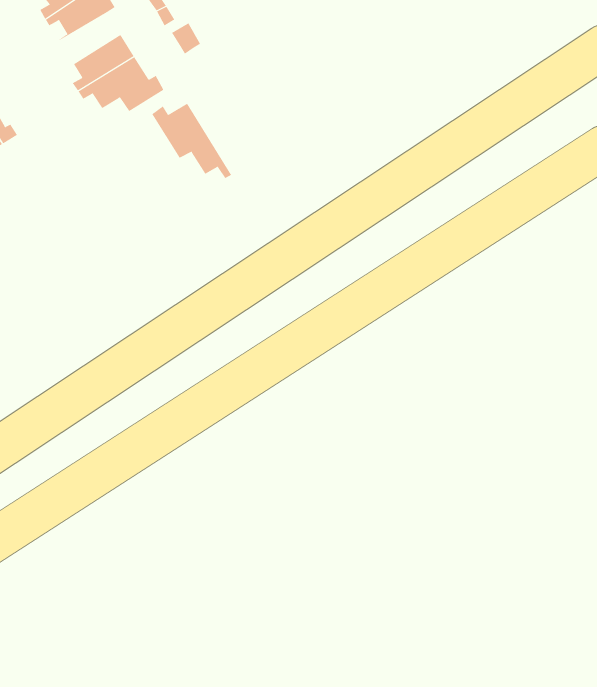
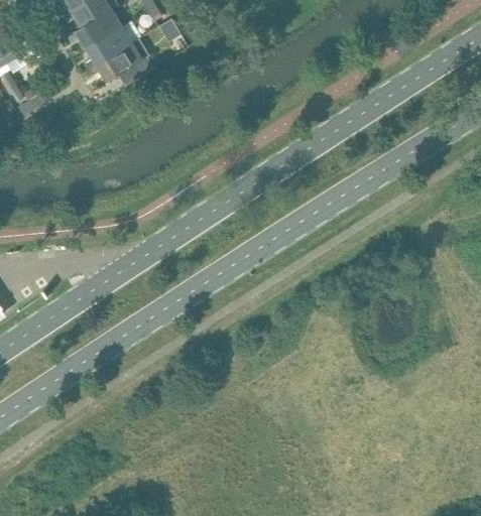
building: none -> [68,10,121,48]
building: [152,103,232,179] -> none

